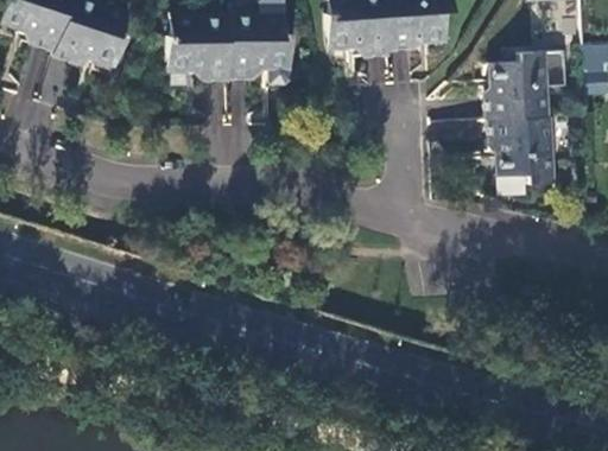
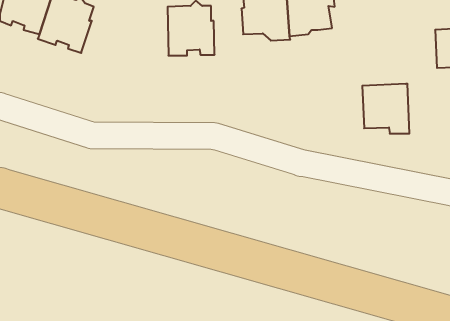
building: [167,12,230,80] -> none
building: [484,50,566,117] -> none

